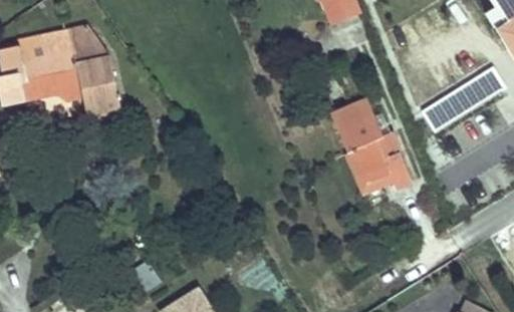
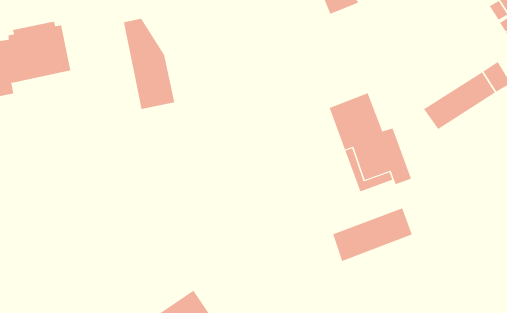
building: [70,23,120,111] -> [123,18,175,110]
building: none -> [333,208,412,262]

